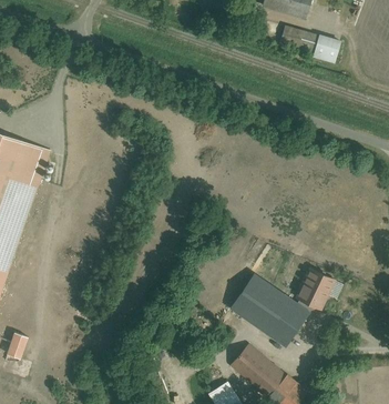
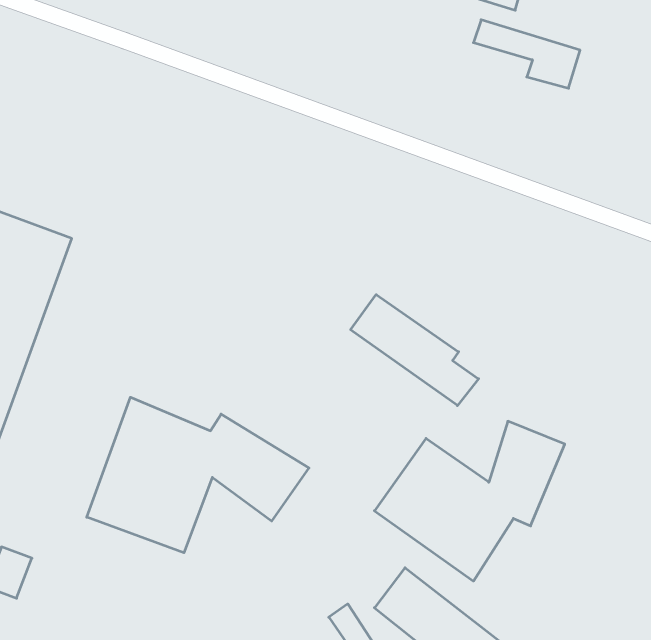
building: none -> [351,295,479,406]
building: none -> [87,397,309,553]

